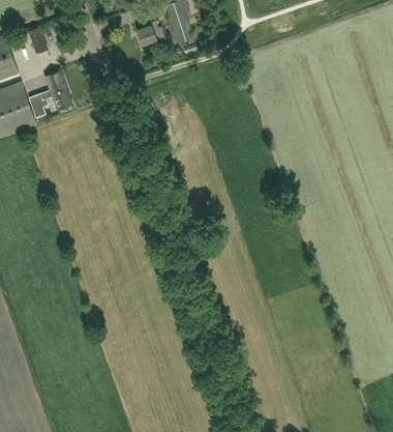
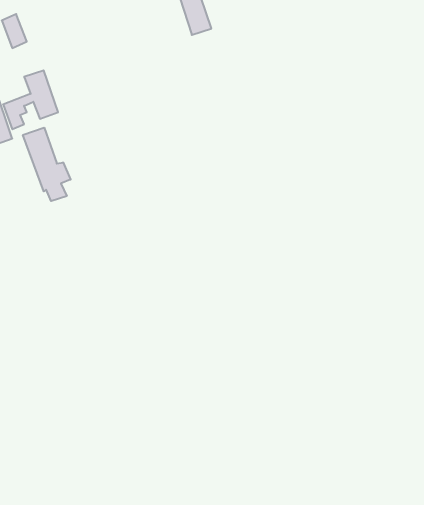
building: [134,21,164,46] -> none
building: none -> [23,128,71,201]

